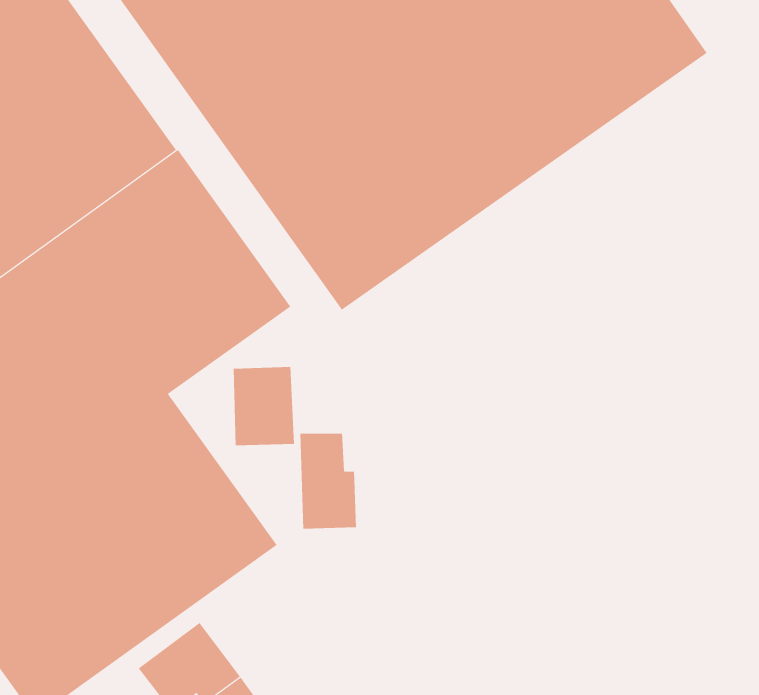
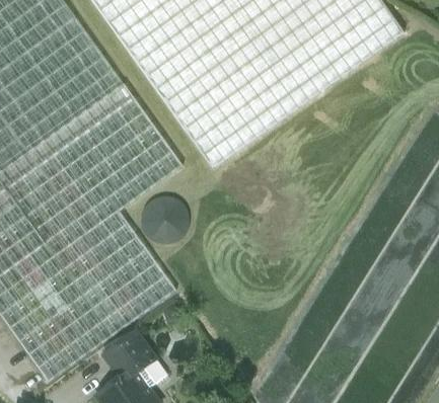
building: [300,433,357,529] -> none

